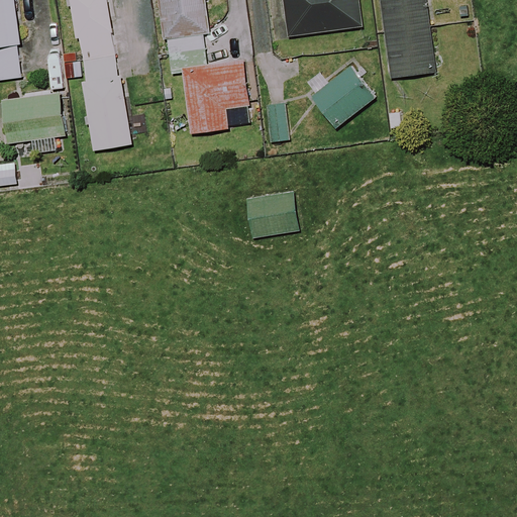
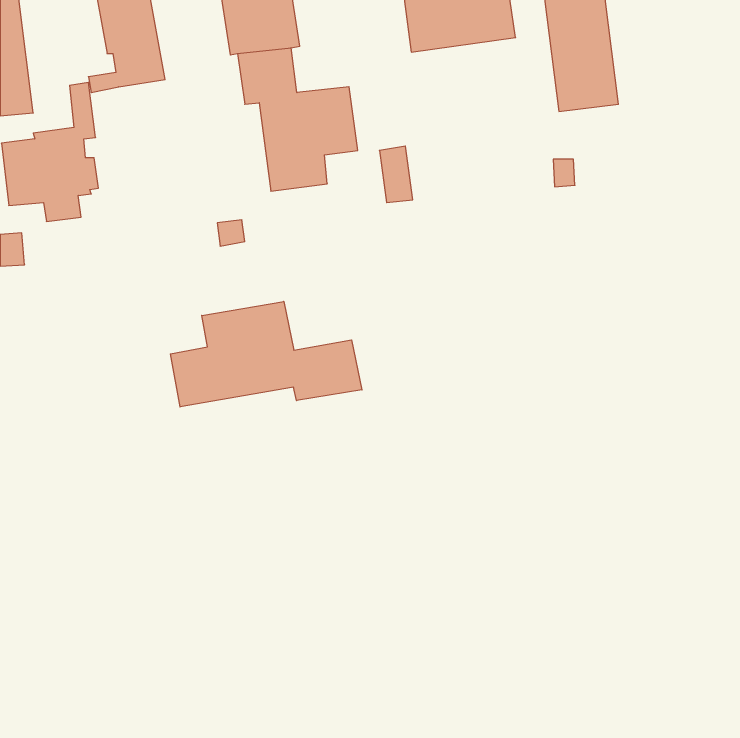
building: [81,56,145,150] -> none
building: [310,65,375,128] -> none
building: [245,191,299,238] -> none
building: none -> [170,301,362,407]

